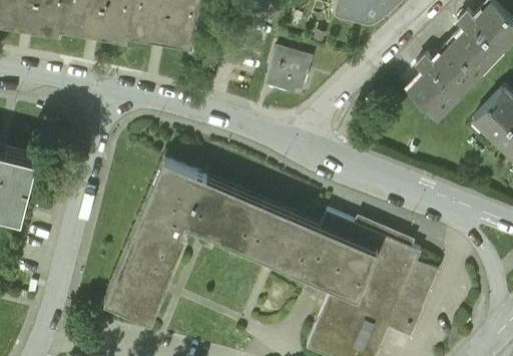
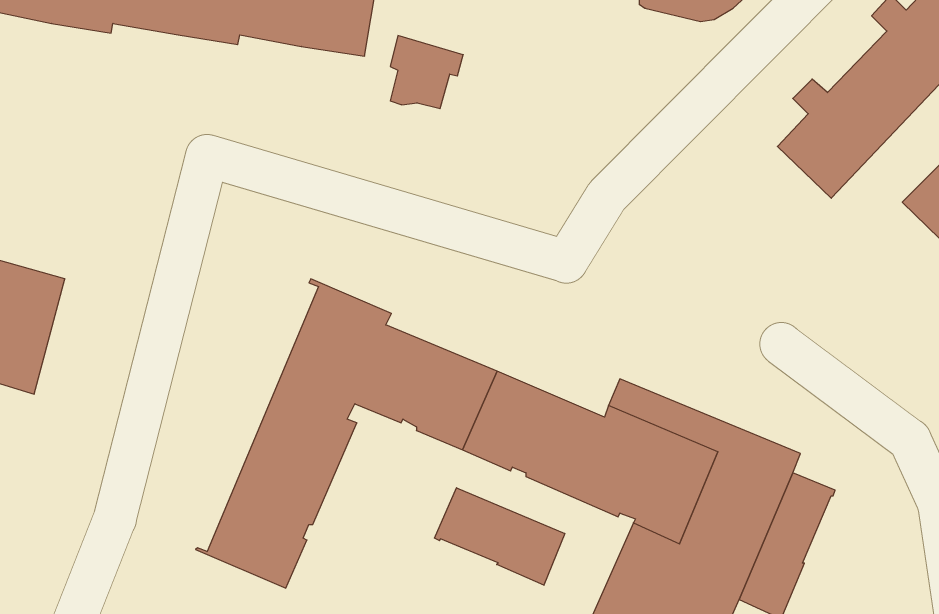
building: [270,49,308,87] -> [390,36,463,109]
building: none -> [435,488,565,585]

